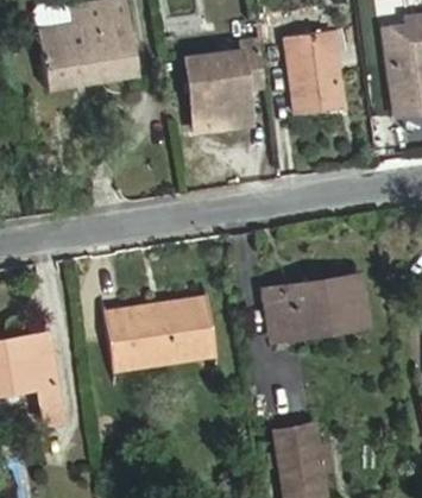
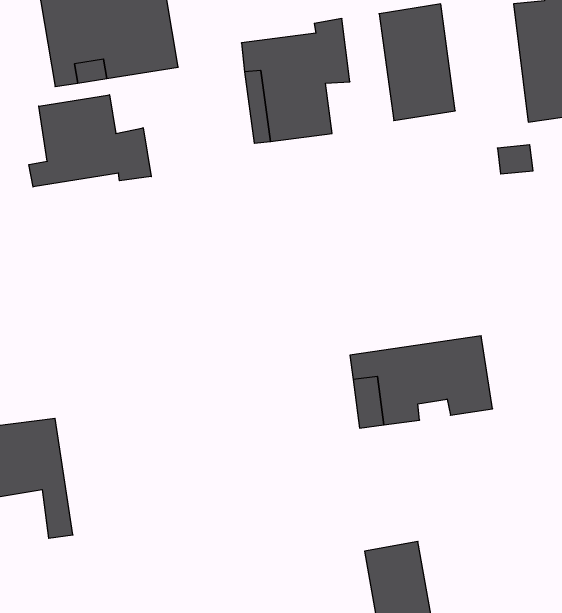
building: none -> [29,95,151,187]
building: [103,297,215,370] -> none

